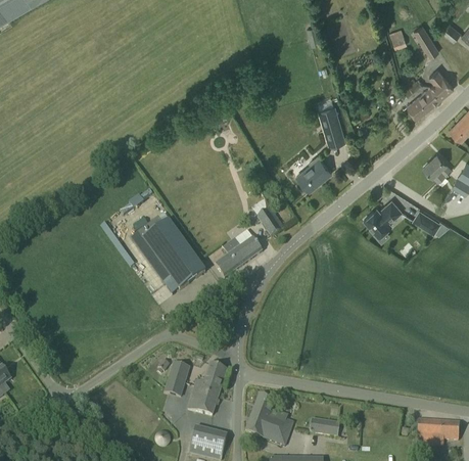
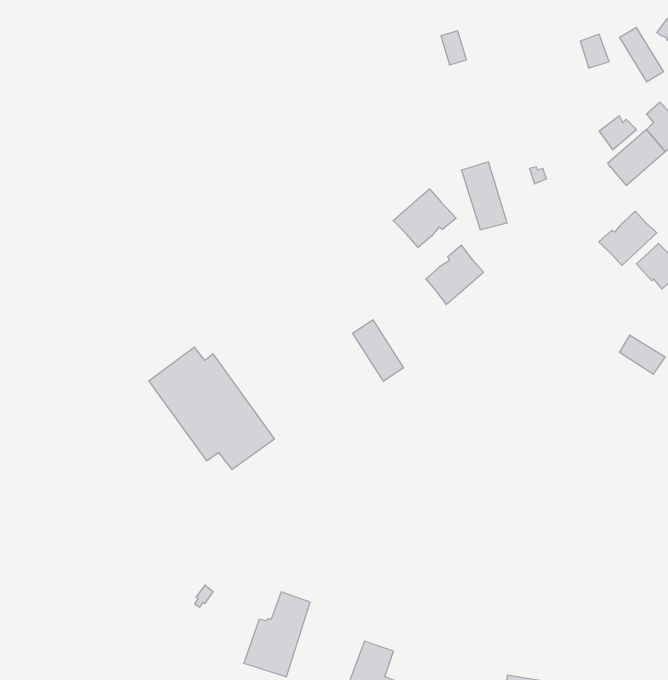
building: none -> [393,189,456,247]
building: none -> [599,211,657,265]
building: [364,199,402,235] -> none
building: [215,230,262,277] -> none
building: [165,361,190,397] -> none

